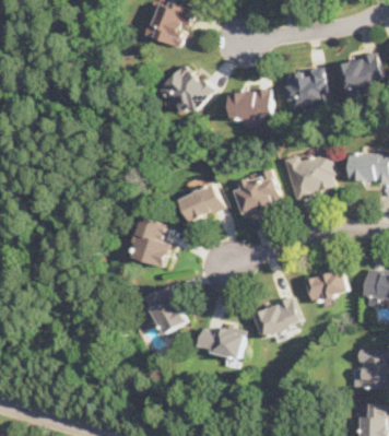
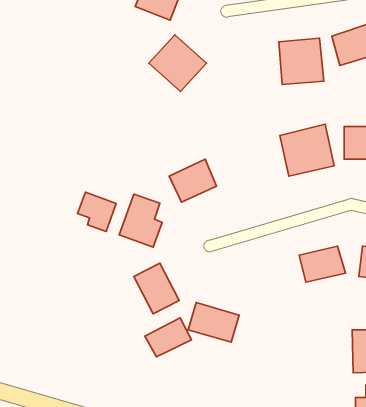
building: [229,92,270,119] -> none
building: [233,173,281,217] -> none
building: none -> [77,192,116,232]
building: [251,298,302,340] -> none
building: none -> [145,318,191,357]

